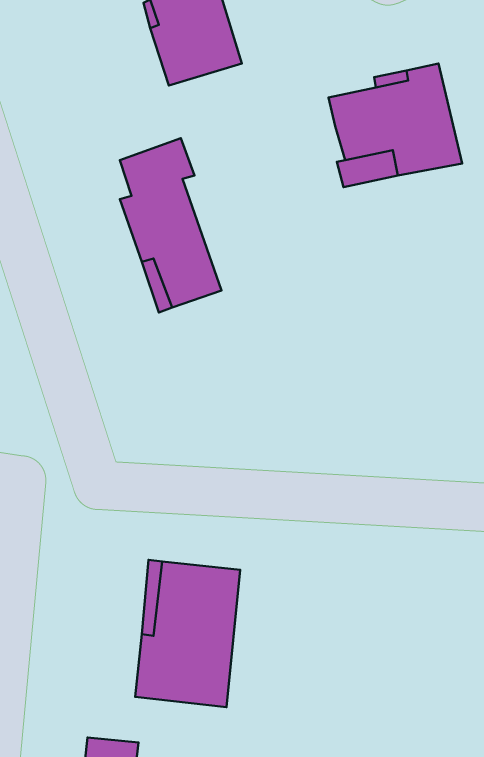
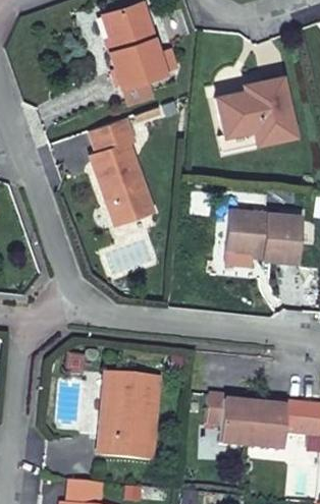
building: none -> [226,209,301,262]
building: none -> [206,394,302,453]

